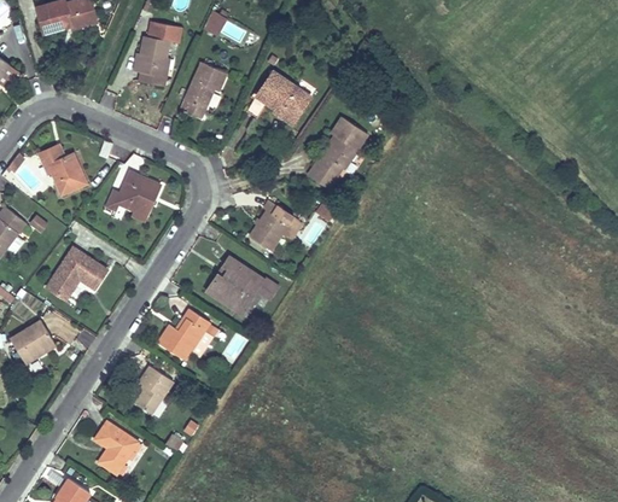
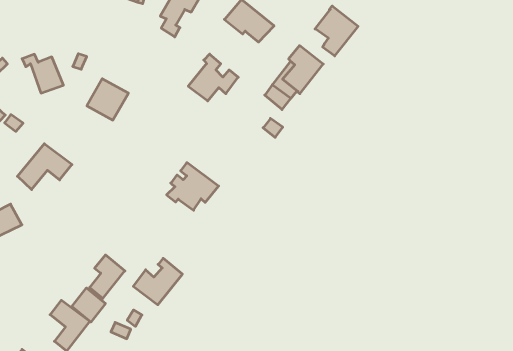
building: none -> [315,6,358,56]
building: [249,198,303,250] -> [188,54,238,101]
building: [157,308,210,360] -> [133,258,182,305]
building: none -> [72,288,105,322]

